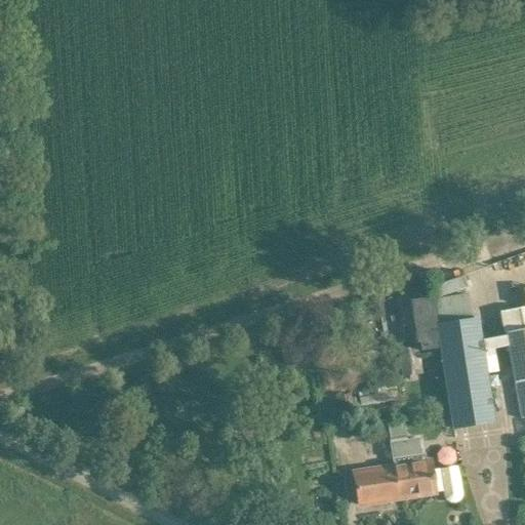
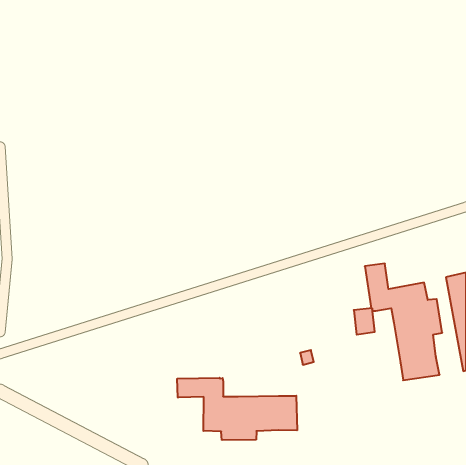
building: none -> [177,378,297,440]
building: [355,437,462,503] -> none

